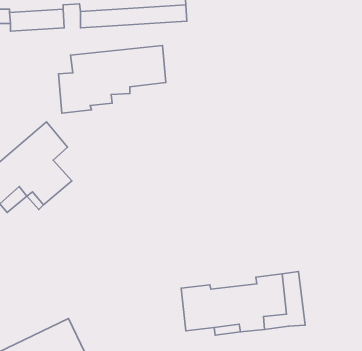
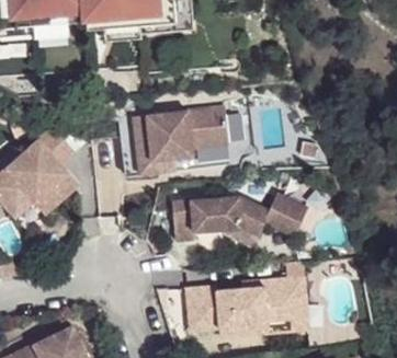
building: [59,45,166,113] -> [121,108,228,176]
building: none -> [171,194,306,240]

